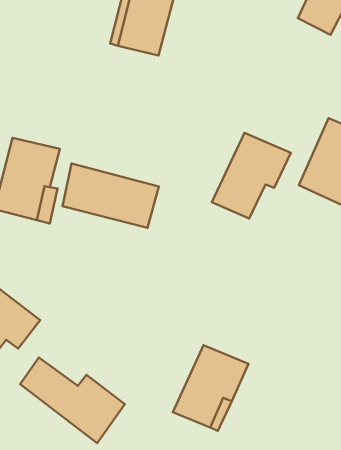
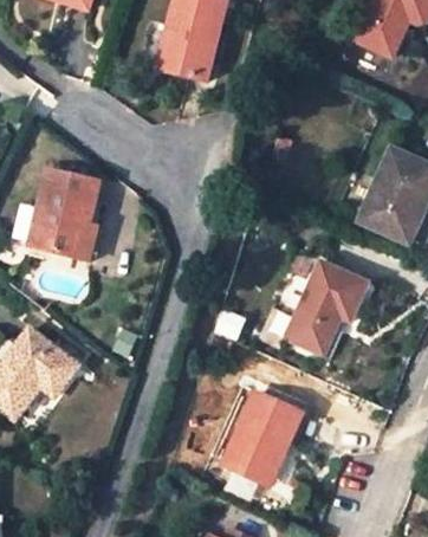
building: [212,133,291,219] -> [284,261,369,354]
building: [62,164,159,228] -> none
building: [20,358,125,443] -> none

